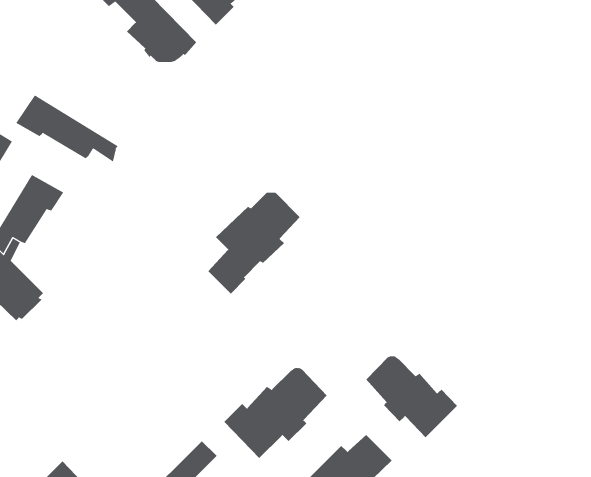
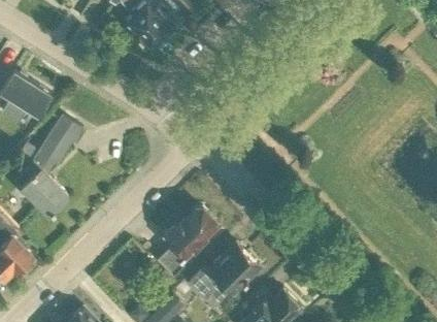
building: [16,95,118,162] -> none
building: [208,192,300,294] -> [157,207,218,276]
building: [365,355,458,438] -> none

